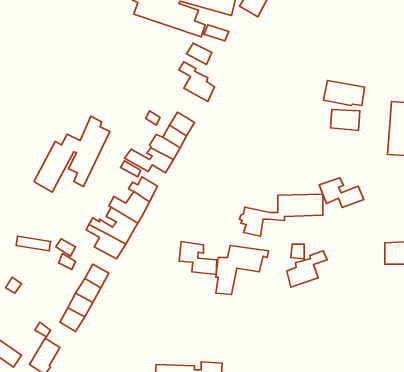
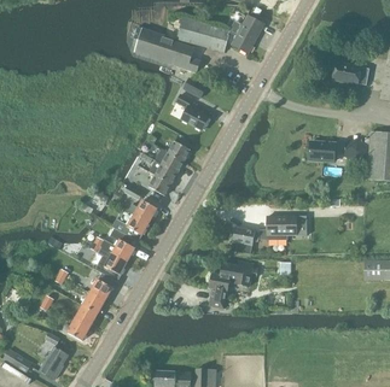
building: [324,80,365,106] -> [332,61,369,84]
building: [34,116,110,192] -> none
building: [319,178,364,208] -> none
building: [179,242,217,274] -> none
building: [287,251,327,287] -> none

